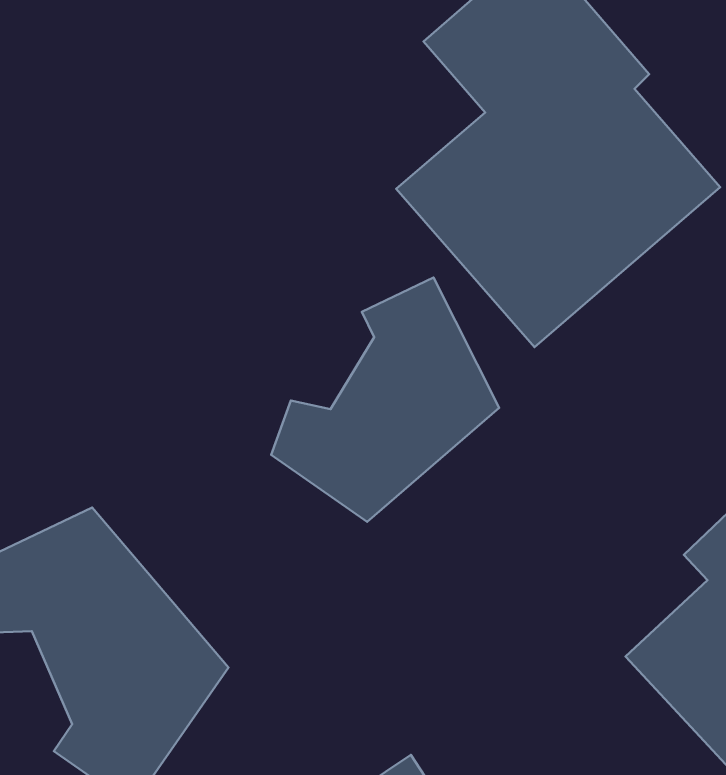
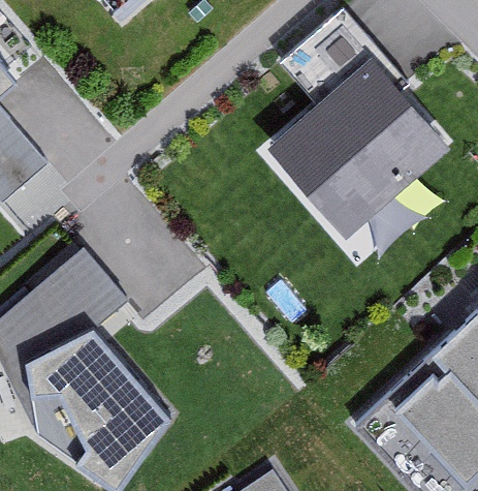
building: [271,278,499,522] -> none

